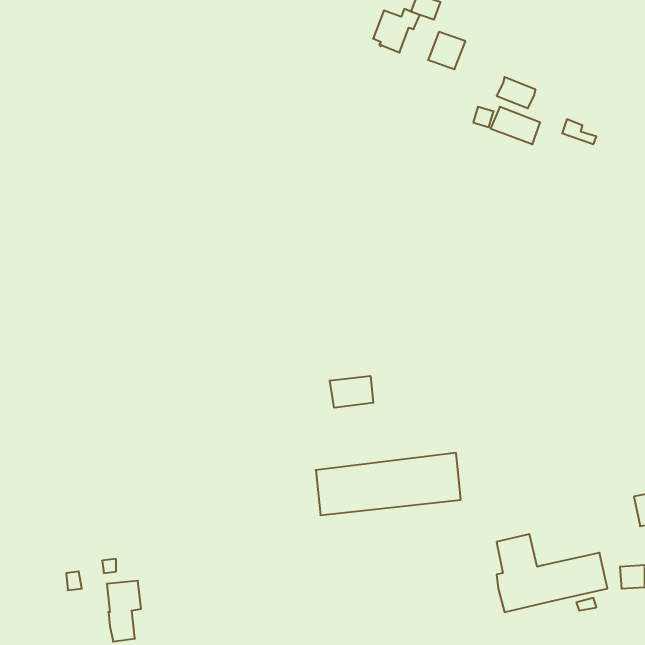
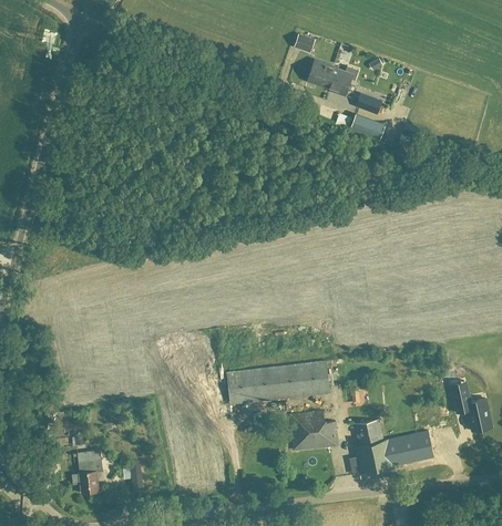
building: [373,9,420,53] -> [326,66,359,97]
building: [330,376,373,408] -> none
building: none -> [291,411,338,450]

